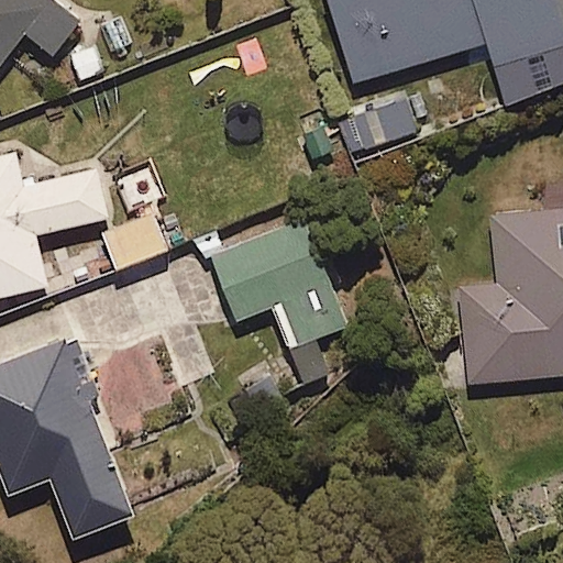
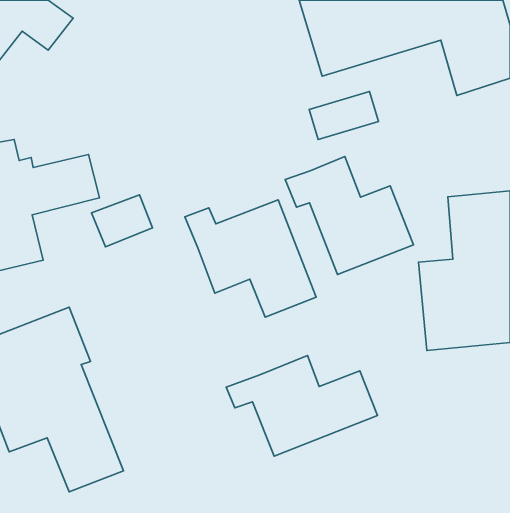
building: none -> [285,156,413,274]
building: none -> [226,355,377,456]

